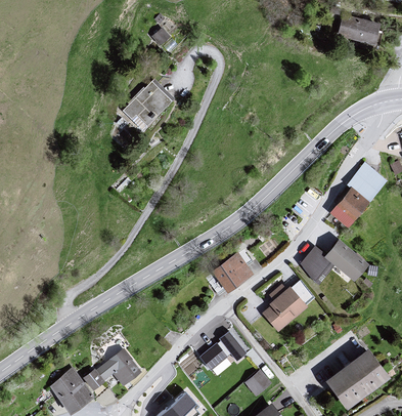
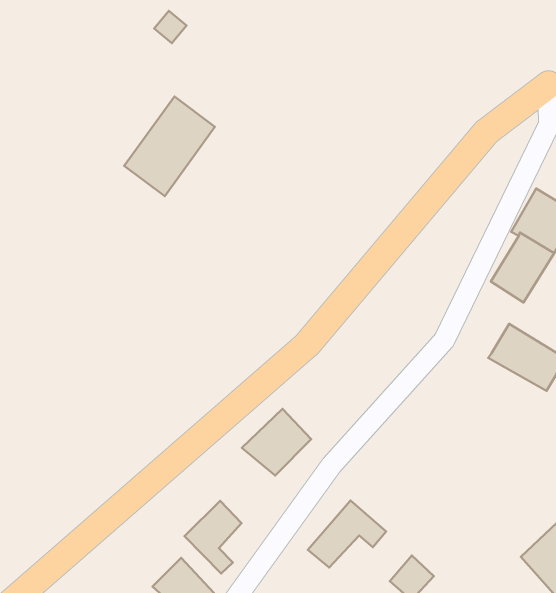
building: [301,245,332,283] -> none
building: [211,253,253,292] -> [242,409,311,476]
building: [261,287,308,332] -> none
building: none -> [184,501,241,573]

